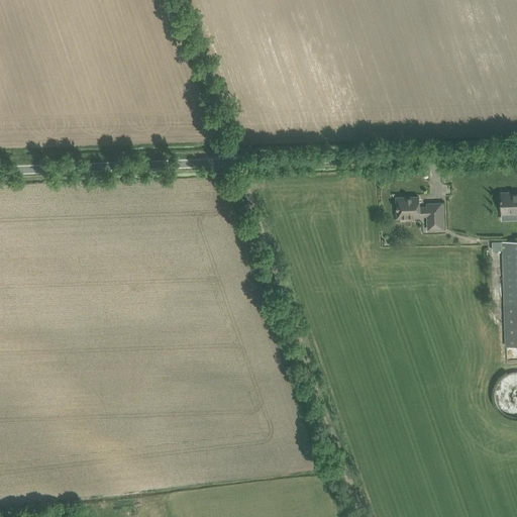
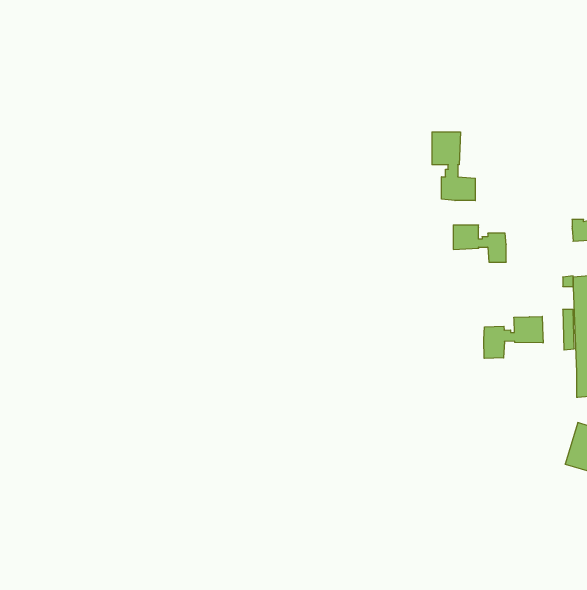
building: none -> [432,132,475,201]
building: none -> [484,316,543,358]

